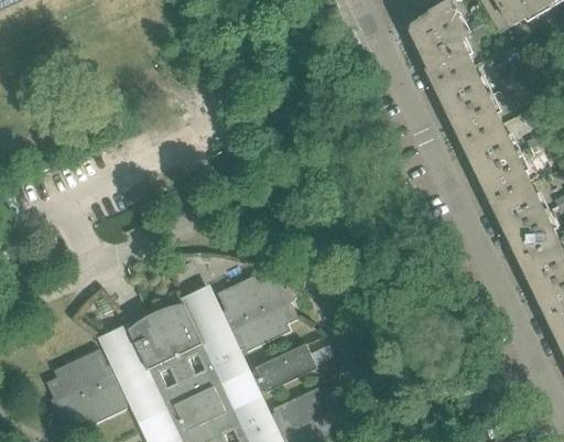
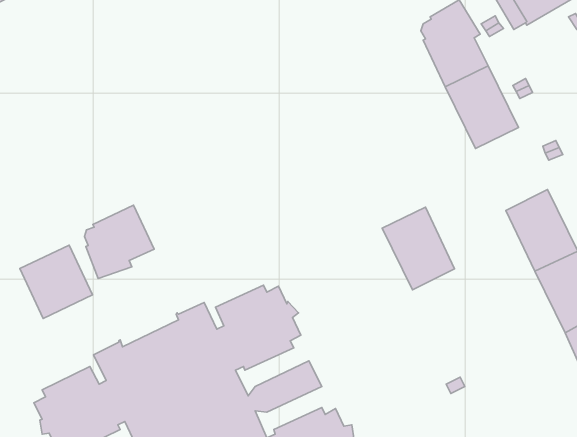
building: [463,122,531,201] -> [382,207,454,290]
building: none -> [84,205,154,279]
building: none -> [20,245,93,318]

